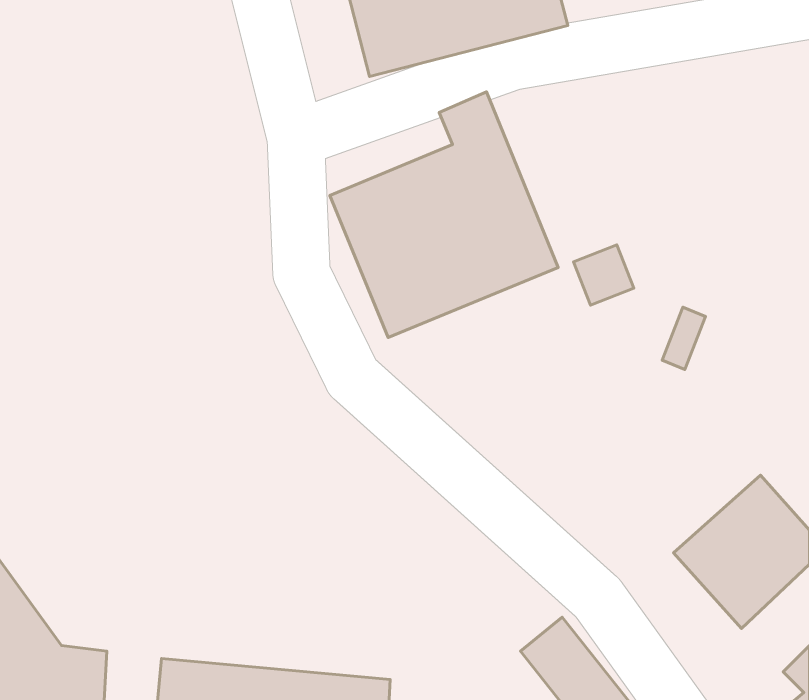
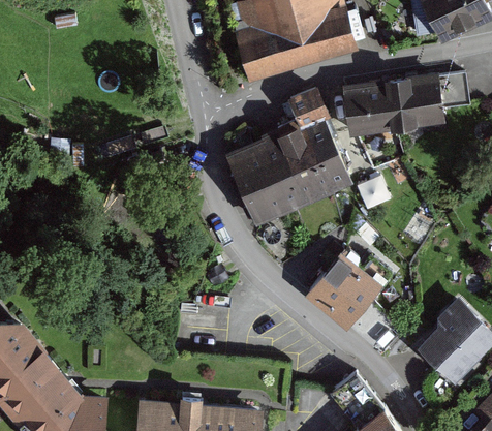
building: none -> [344,74,468,132]
building: none -> [309,249,390,326]

